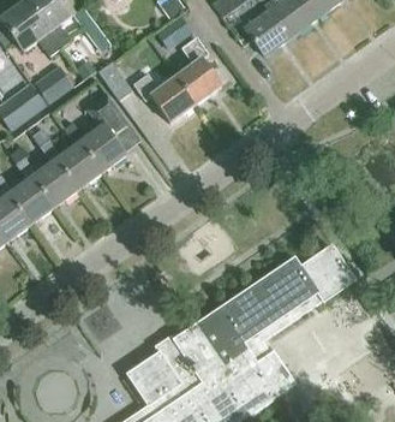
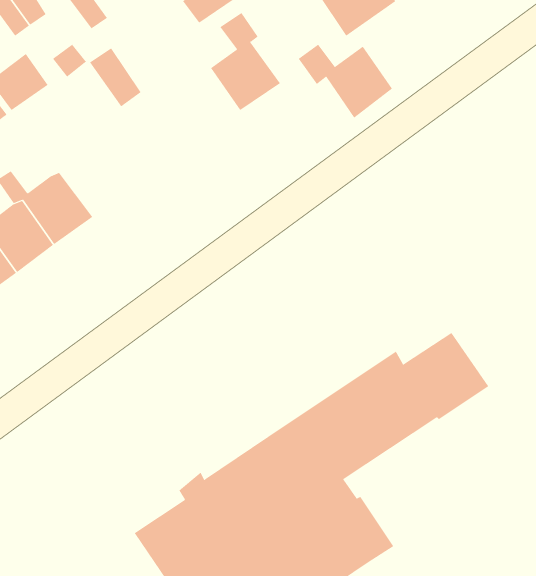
building: [134,73,196,121] -> [298,44,393,118]
building: [64,94,125,171] -> none

